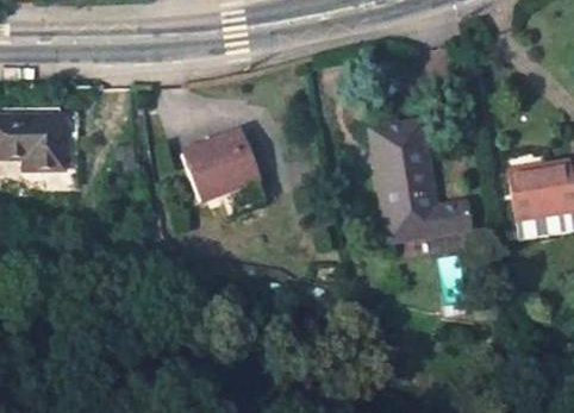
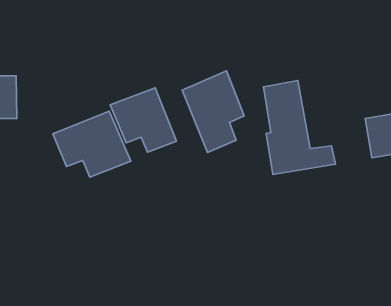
building: none -> [182,71,244,152]
building: none -> [53,111,131,177]

